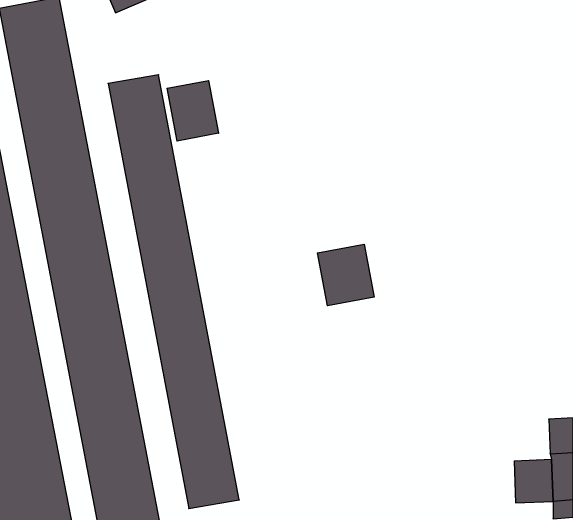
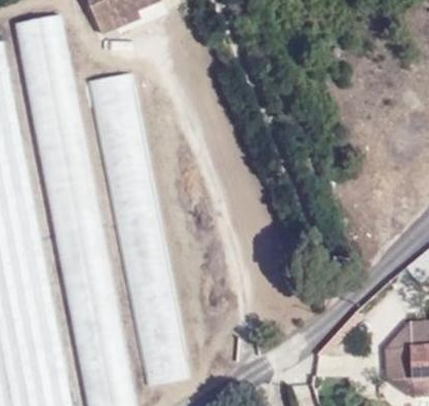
building: [167,81,219,141] -> none
building: [317,244,374,306] -> none

